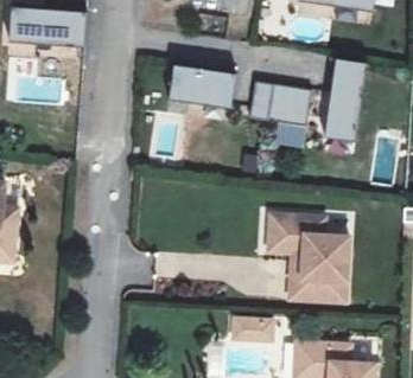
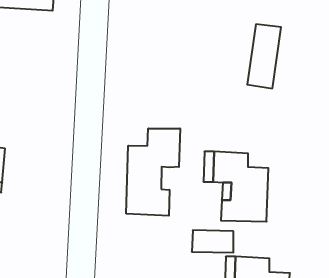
building: [159,64,227,104] -> none
building: [239,82,299,127] -> none
building: none -> [126,128,180,216]

